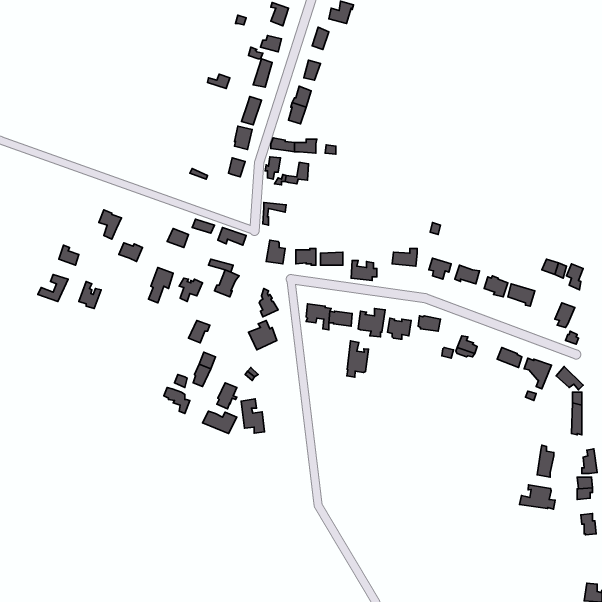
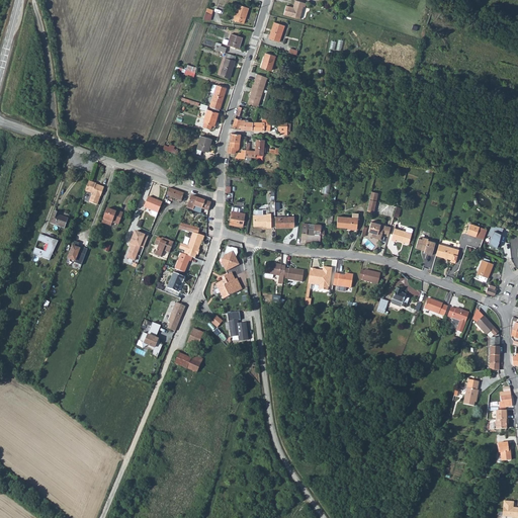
building: [347,341,369,377] -> none
building: [241,399,265,433] -> [228,312,248,341]
building: [520,485,555,509] -> none

